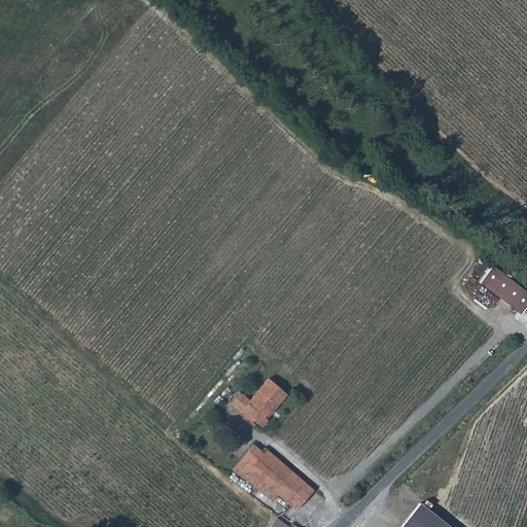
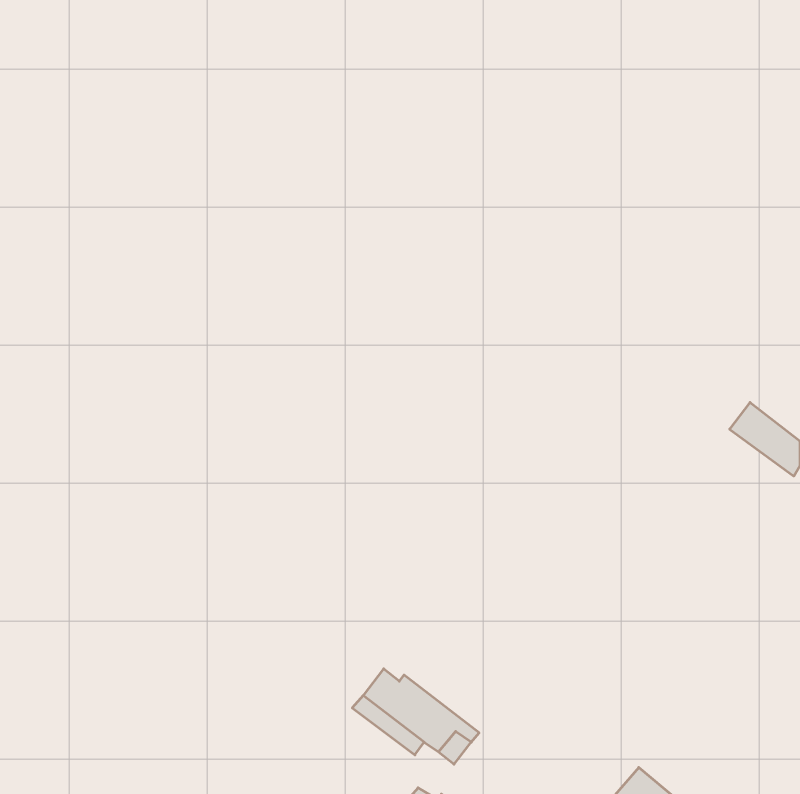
building: [233,380,290,427] -> none

